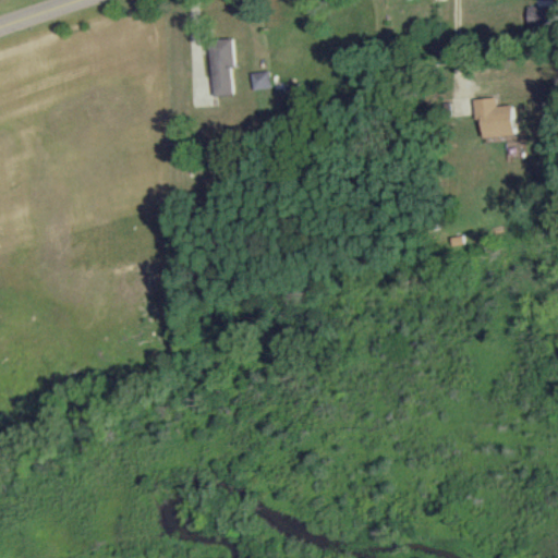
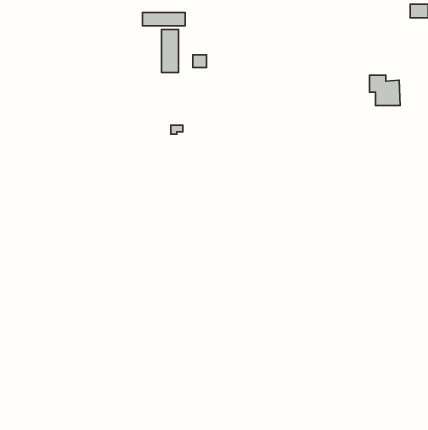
building: none -> [142,13,185,26]

